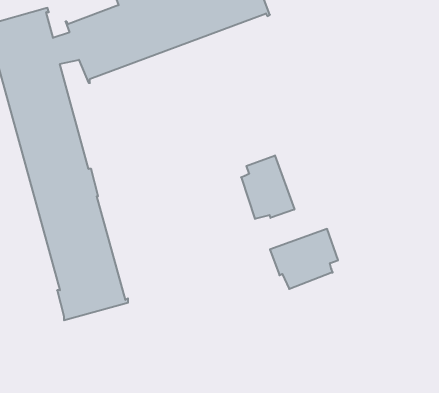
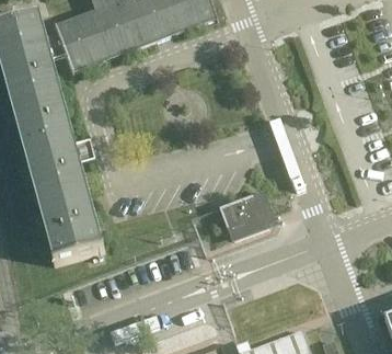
building: [241,155,294,219] -> none

